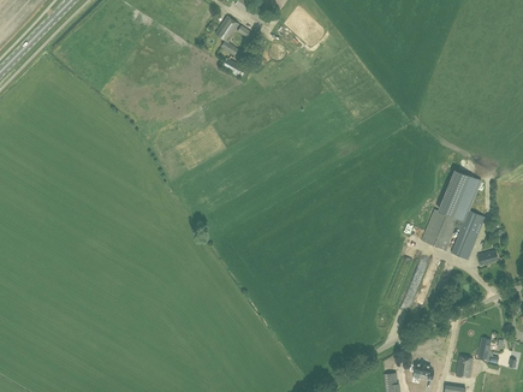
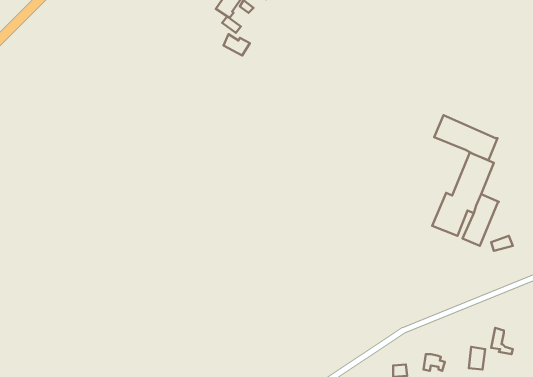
building: none -> [434,115,498,160]

